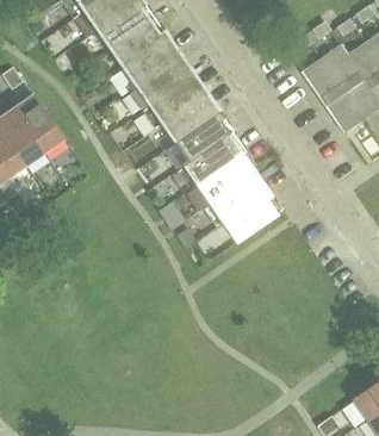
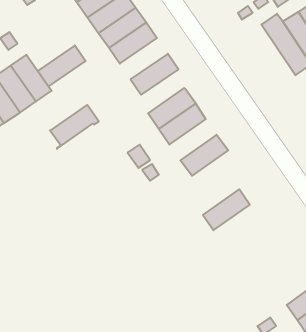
building: [302,57,364,133] -> none
building: [149,74,207,124] -> [38,45,86,86]
building: [175,112,235,166] -> [50,105,99,149]
building: [210,173,267,223] -> [203,189,250,230]

